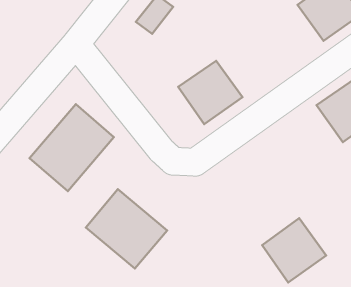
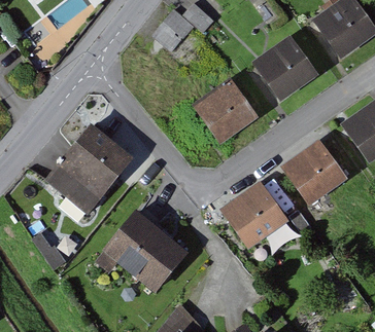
building: none -> [257,37,321,102]
building: none -> [279,140,345,206]
building: [262,218,326,282] -> [225,182,291,248]

